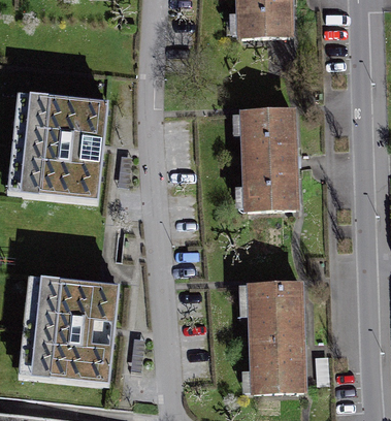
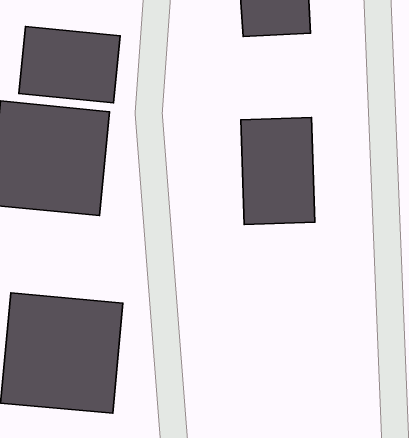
building: none -> [19,27,120,103]
building: [242,286,301,396] -> none

